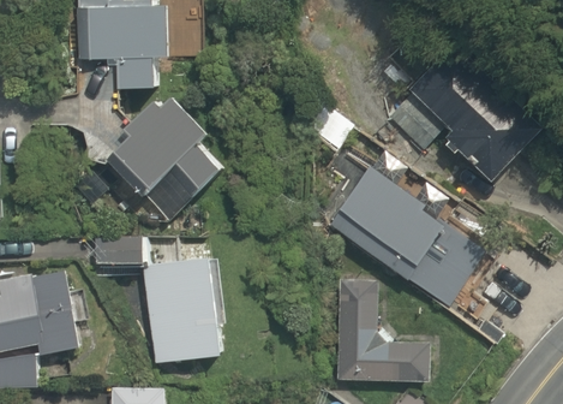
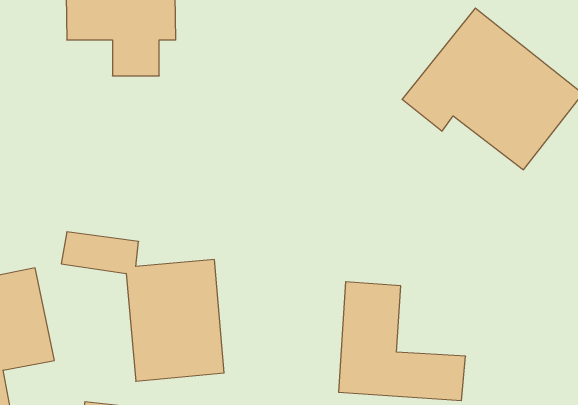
building: [125,103,250,204] -> none
building: [322,165,493,315] -> none

